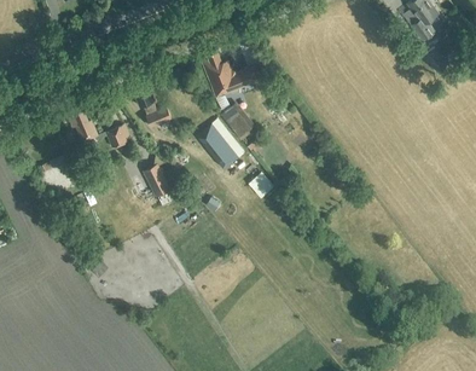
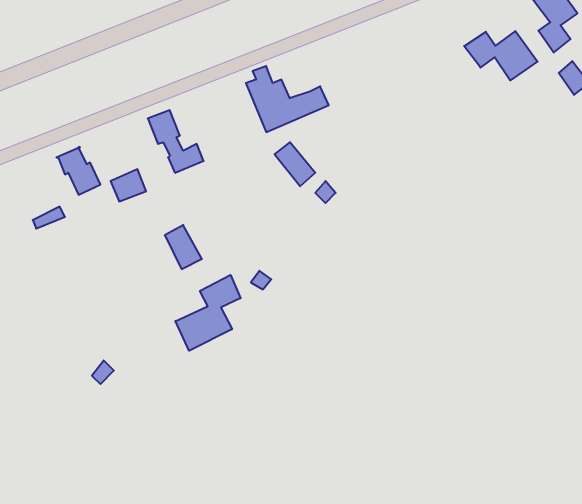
building: none -> [464,31,538,80]
building: [197,122,239,168] -> none
building: none -> [175,275,241,351]

